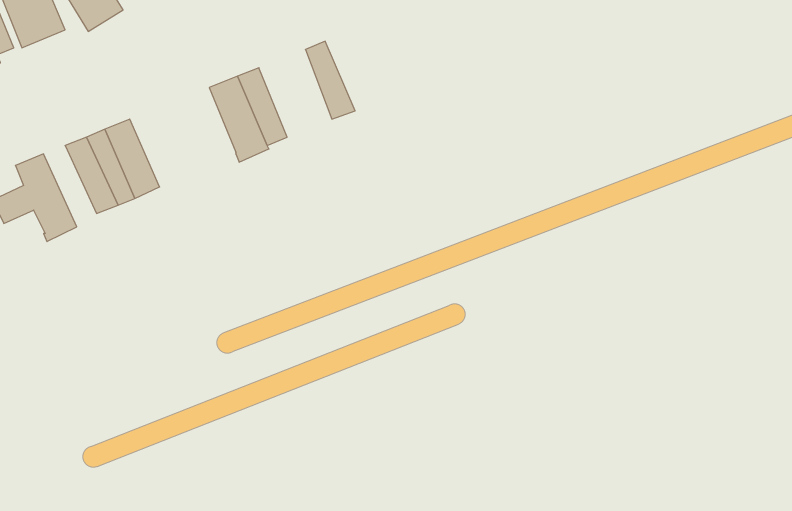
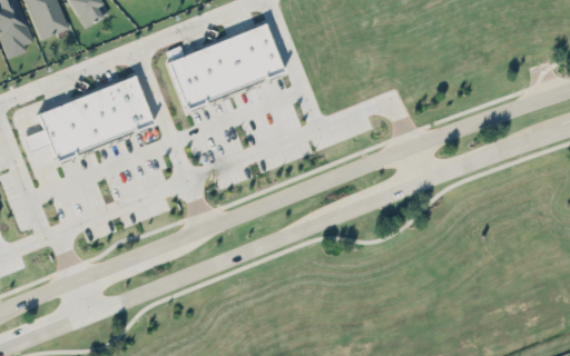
building: none -> [245,27,286,85]
building: none -> [214,40,249,93]
building: none -> [114,79,156,136]

